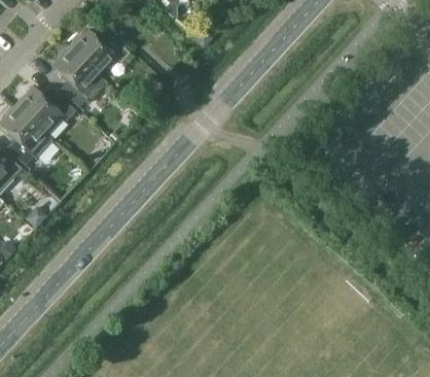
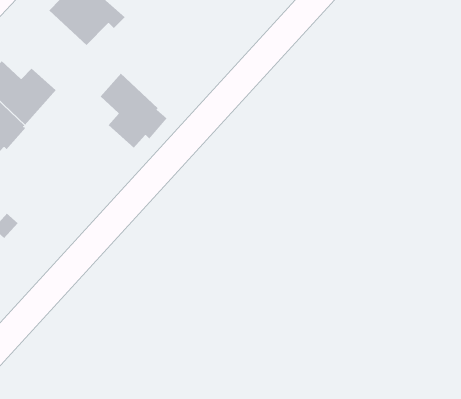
building: [52,46,106,106] -> [100,73,168,149]

